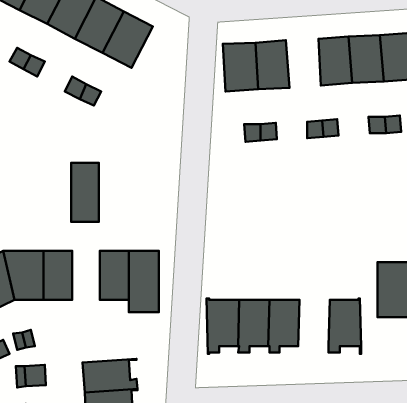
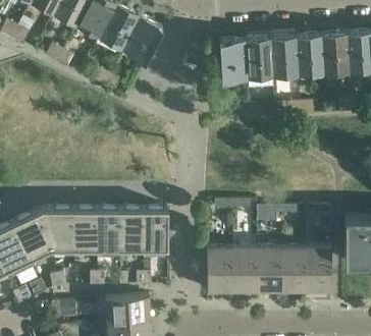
building: none -> [271,39,300,78]
building: [71,163,99,222] -> [98,211,120,259]
building: none -> [281,250,307,293]

